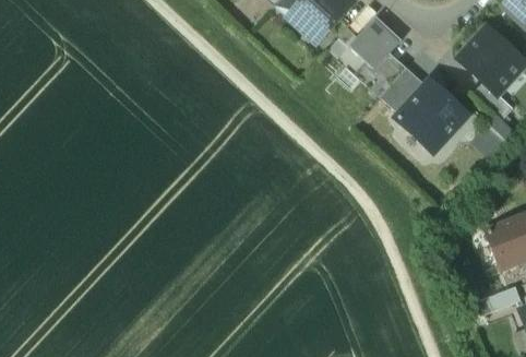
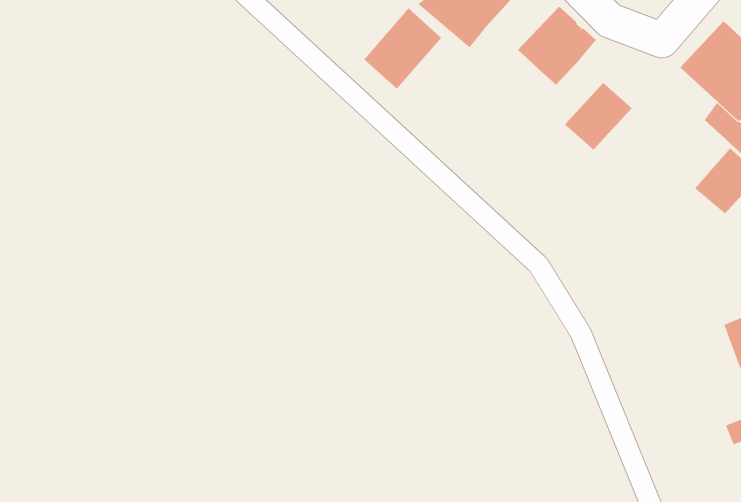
building: none -> [363,8,442,90]
building: [355,51,406,95] -> none
building: [396,79,467,150] -> none

